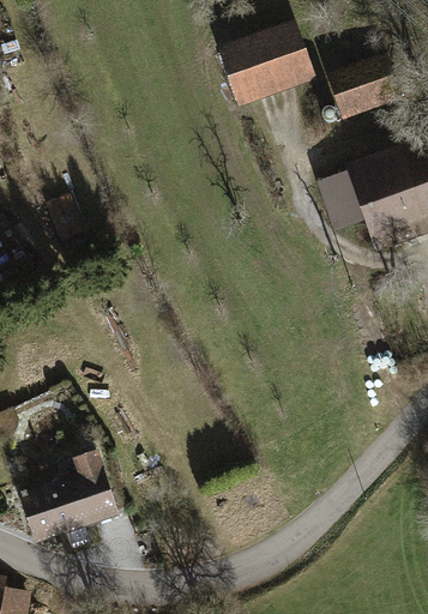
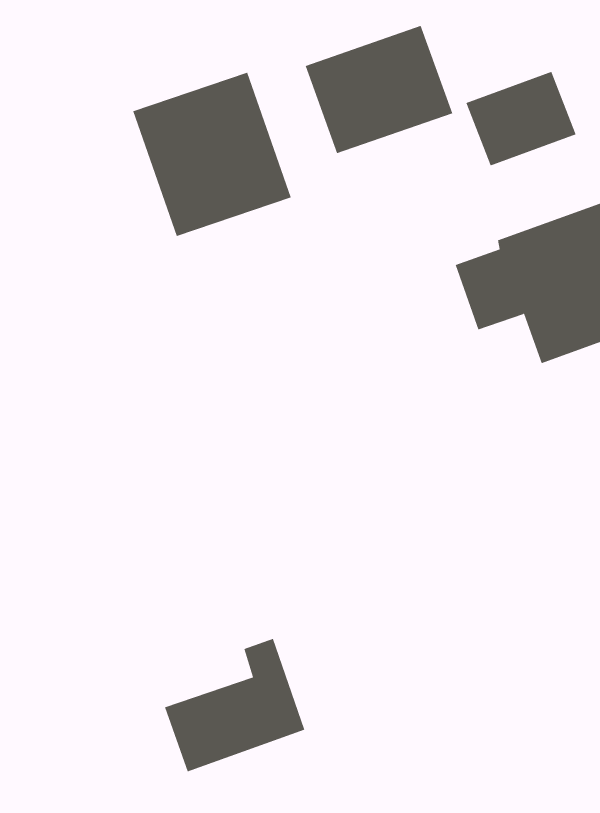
building: none -> [133,72,291,237]
building: [19,450,115,541] -> [164,638,305,772]

